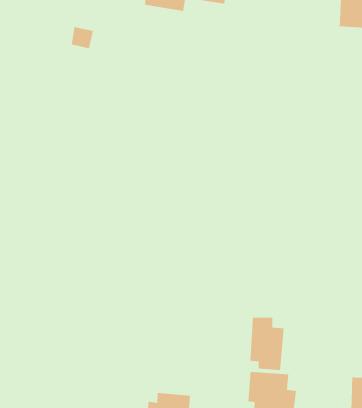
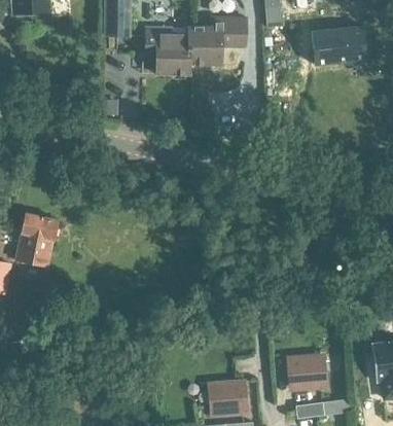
building: [249,317,285,371] -> none

